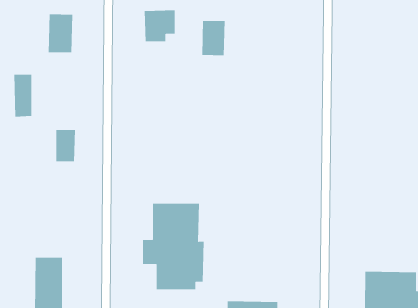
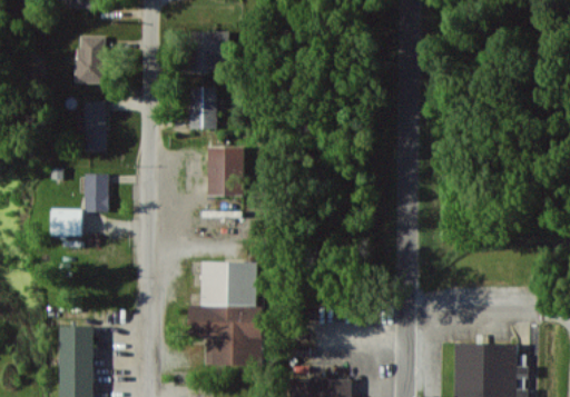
building: [201,21,226,56] -> [187,87,216,129]
building: [14,74,32,117] -> [82,101,105,152]
building: none -> [206,147,243,196]
building: none -> [50,209,81,236]

